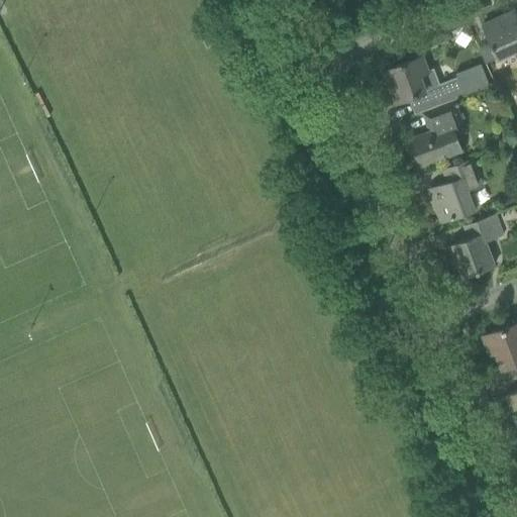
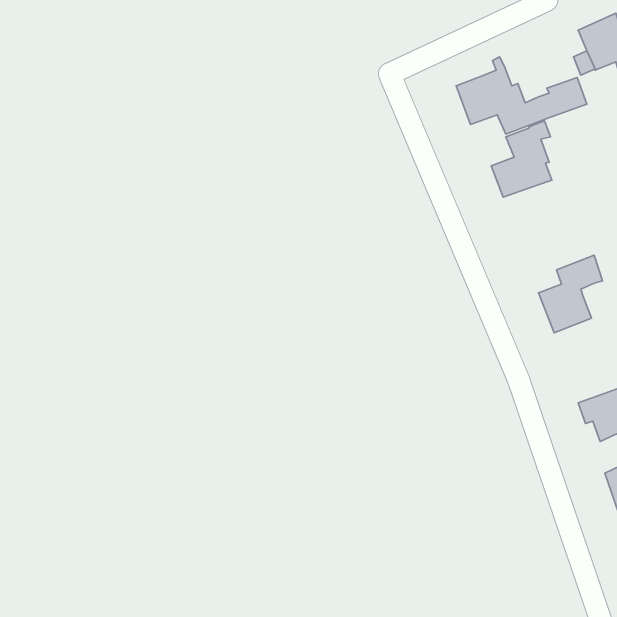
building: [430,161,482,222] -> none

